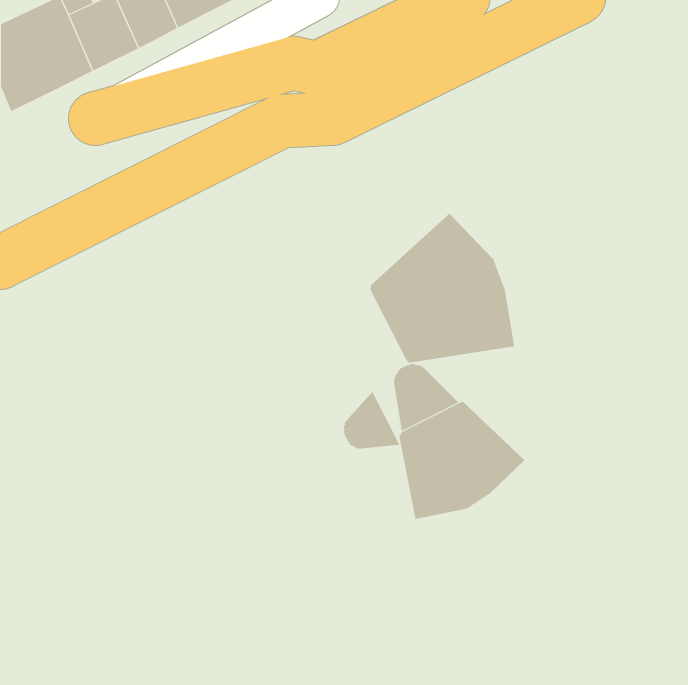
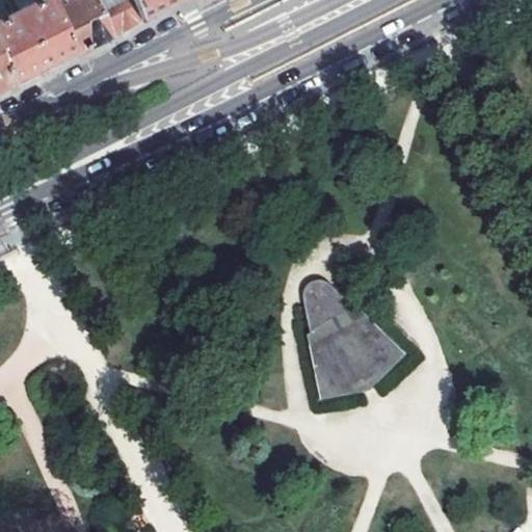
building: [370,213,515,364] -> none
building: [343,391,400,450] -> none

